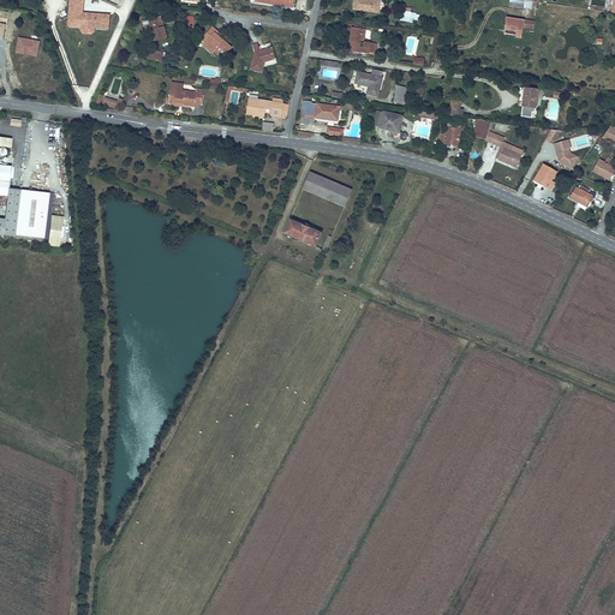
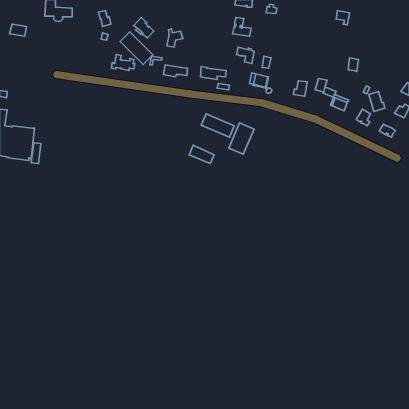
building: none -> [120,32,153,65]
building: none -> [229,123,254,154]

